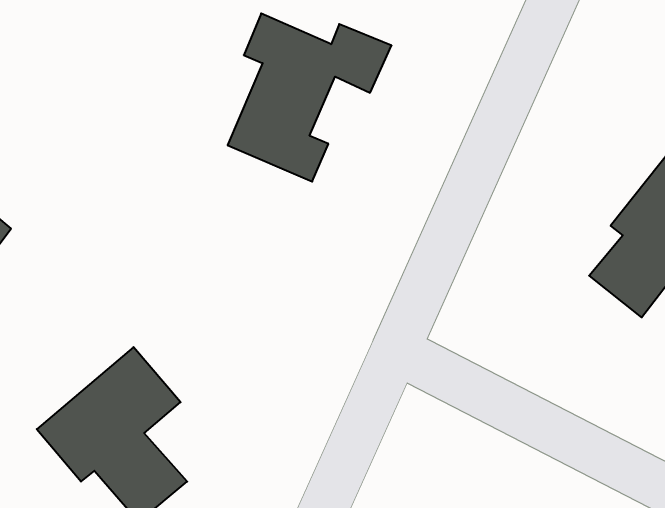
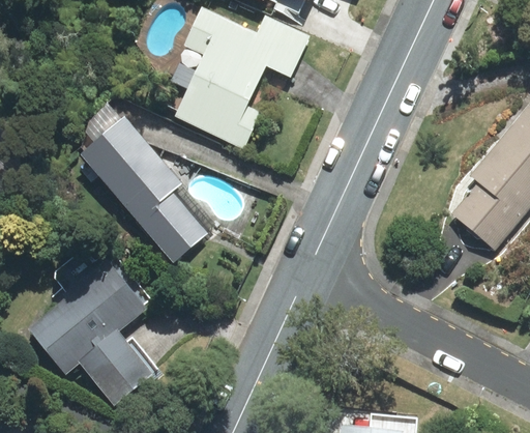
building: none -> [84,123,210,258]

